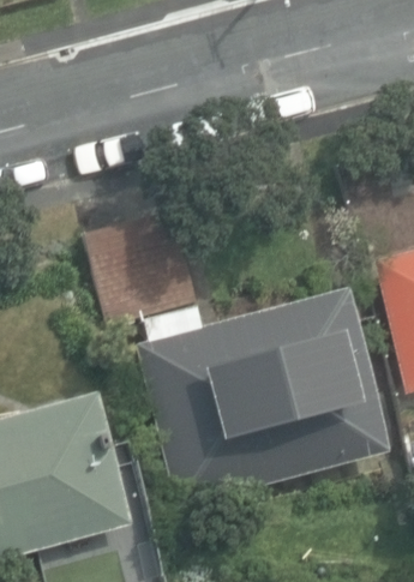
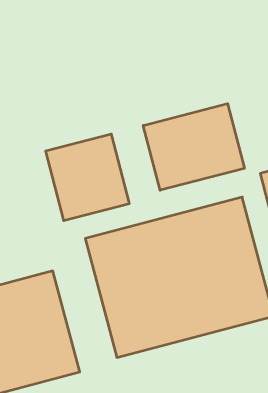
building: none -> [143,104,244,190]

